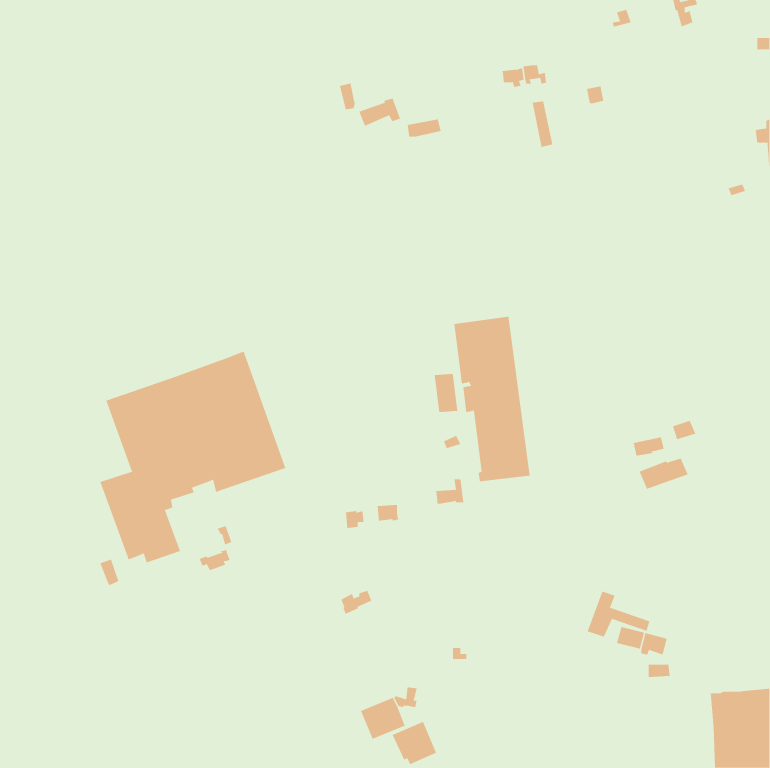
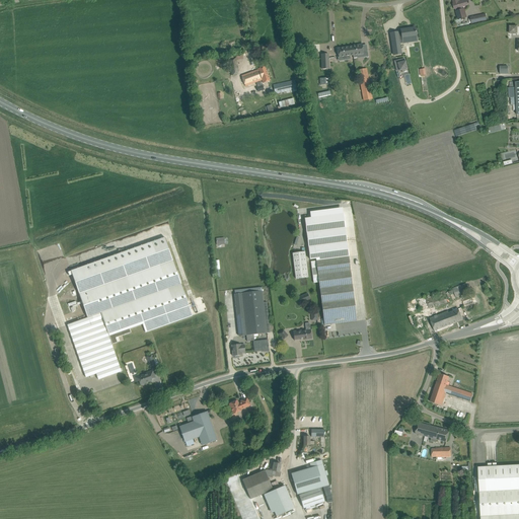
building: none -> [390,26,417,54]
building: none -> [234,287,271,336]
building: [587,591,650,638] -> [430,373,472,404]
building: none -> [179,411,217,445]
building: none -> [291,459,328,508]

